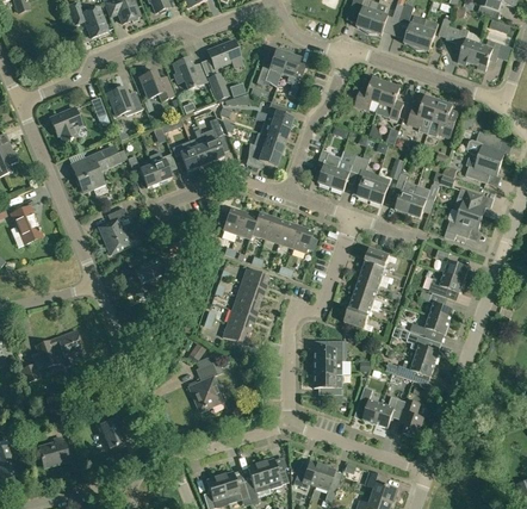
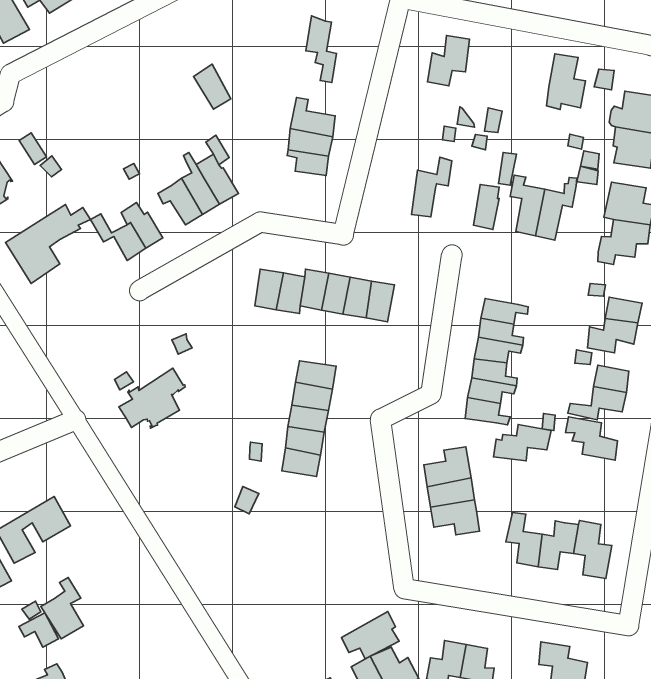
building: [207,39,244,68] -> none
building: [256,49,289,86] -> none
building: [173,57,206,88] -> none
building: [140,70,174,100] -> none
building: [377,82,403,119] -> none
building: [107,86,143,116] -> none
building: [408,95,439,128] -> none
building: [246,143,281,168] -> none
building: [317,150,341,187] -> none
building: [356,157,378,200] -> none
building: [98,206,129,254] -> none
building: [396,356,435,380] -> [493,424,551,461]
building: [188,359,224,409] -> none
building: [99,409,125,447] -> [41,577,84,639]
building: none -> [341,612,399,659]

